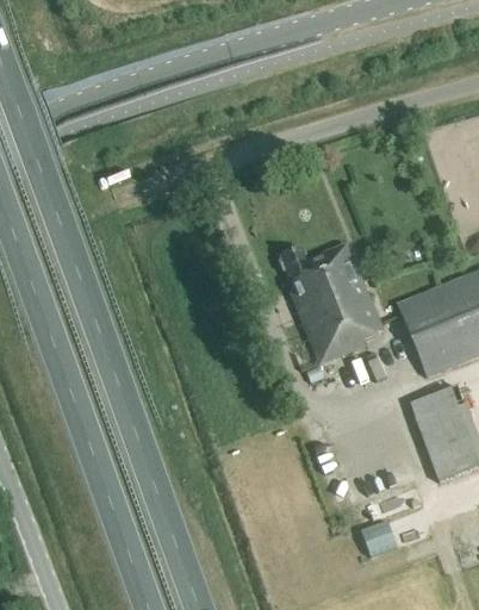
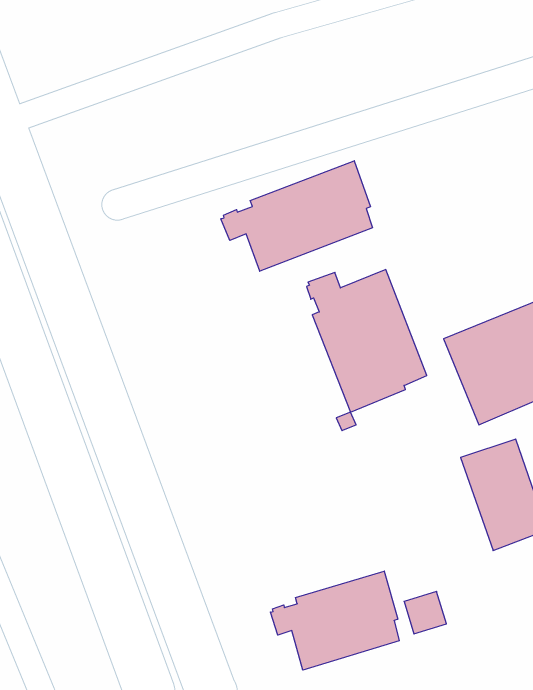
building: none -> [221,161,372,271]
building: none -> [270,571,399,670]

